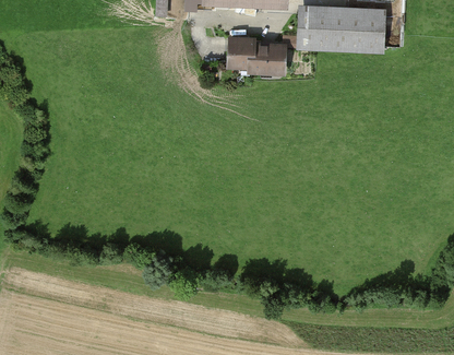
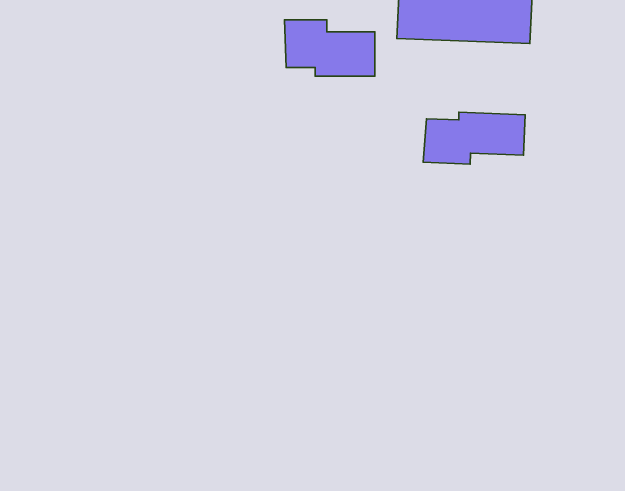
building: none -> [423,112,525,164]

